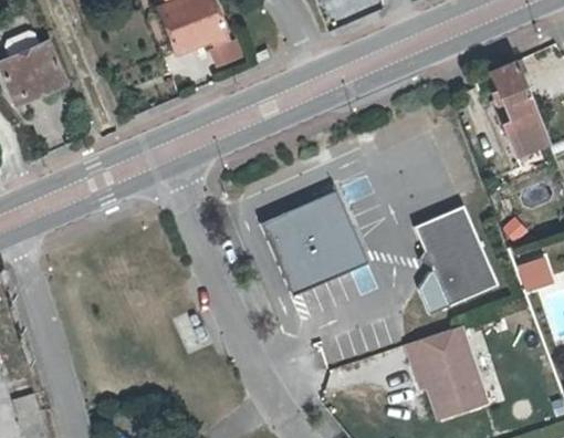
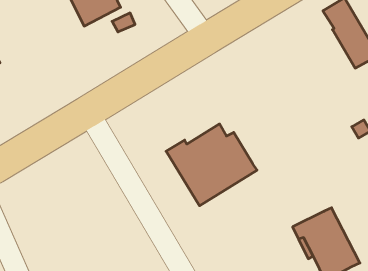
building: [414,204,498,304] -> none

